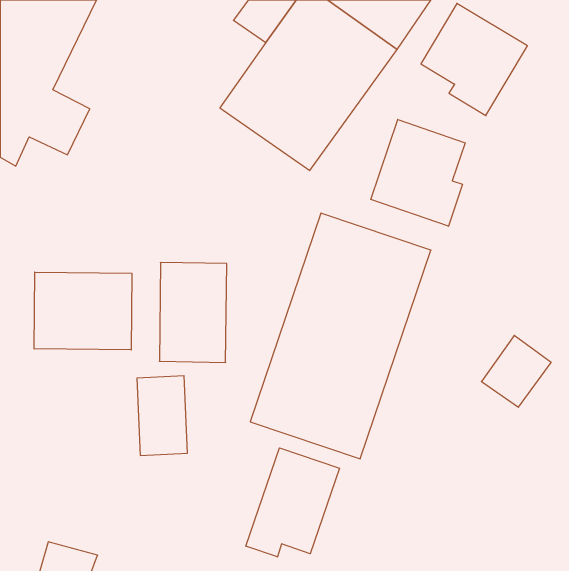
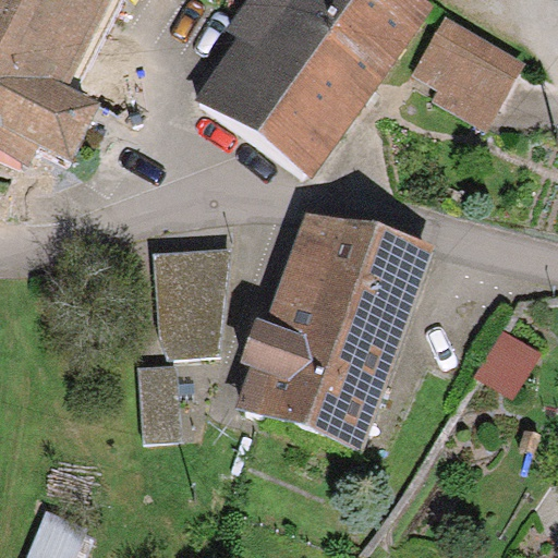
building: [371,119,465,226] -> none
building: [34,272,132,350] -> none
building: [246,448,340,557] -> none

